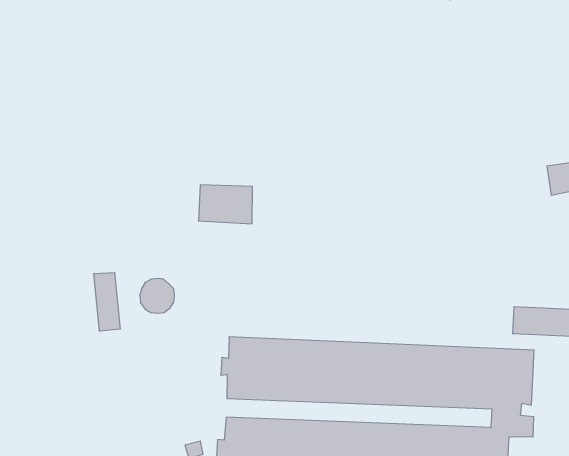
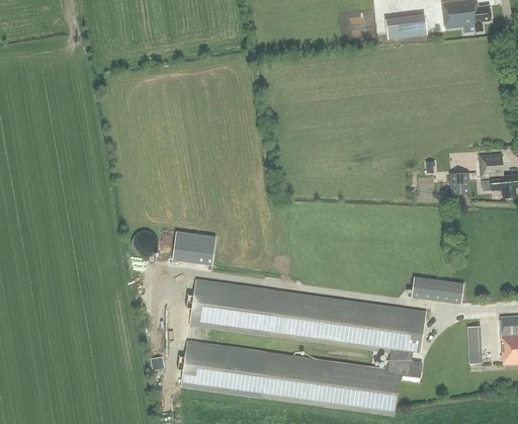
building: [198,185,252,224] -> [171,230,214,263]
building: [94,272,120,331] -> none

